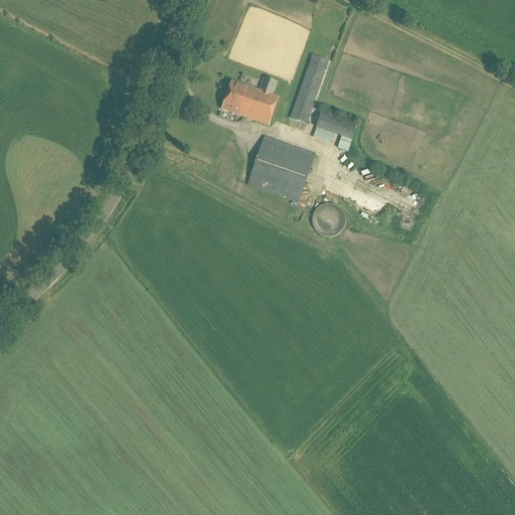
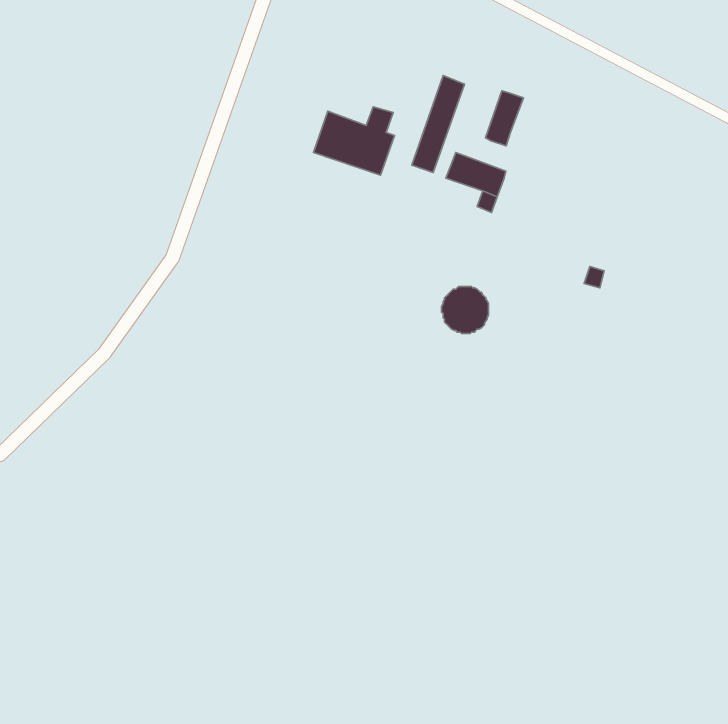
building: none -> [486,91,523,146]
building: [247,135,315,200] -> none

